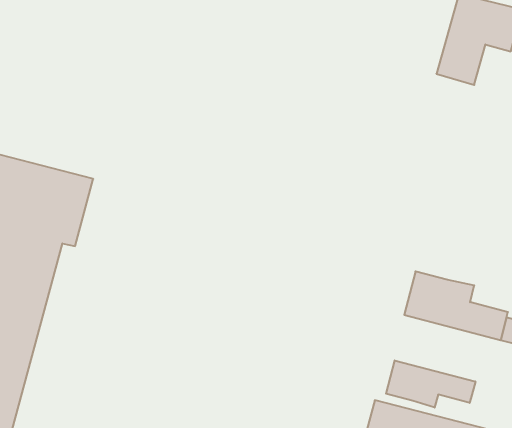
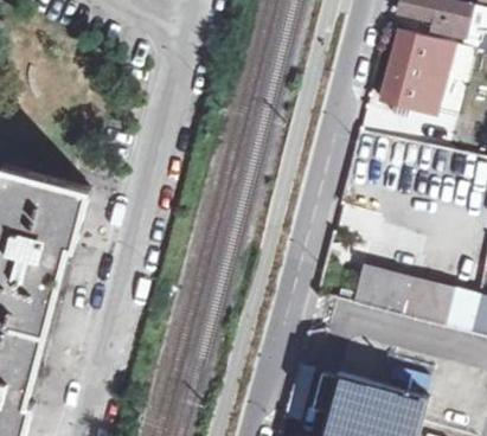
building: [386,360,475,408] -> none

